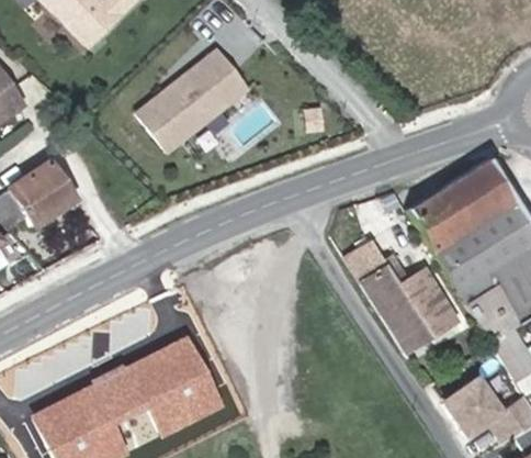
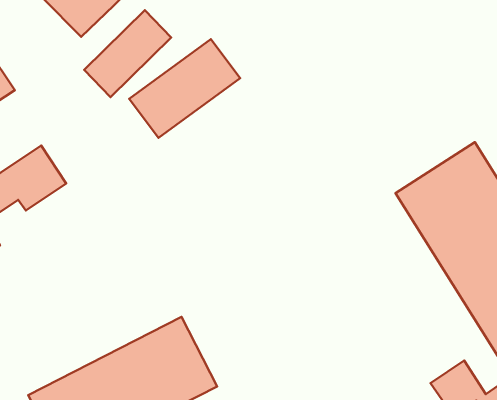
building: none -> [84,10,171,97]
building: [343,237,457,350] -> none

